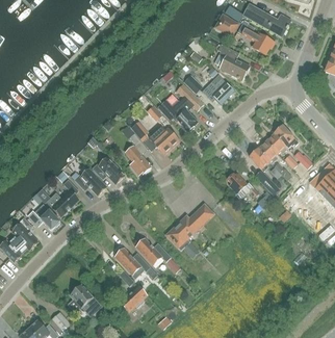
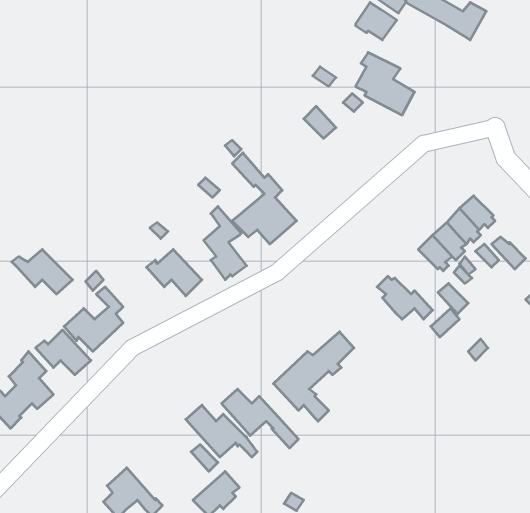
building: [237,19,273,53] -> none
building: [202,77,234,103] -> none
building: [158,84,203,130] -> none
building: [72,168,107,194] -> [12,249,73,294]

